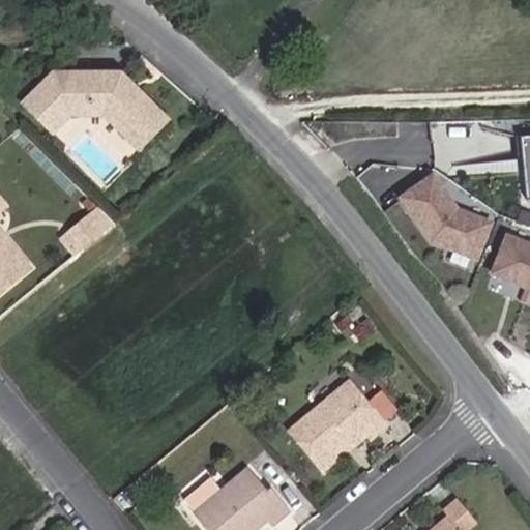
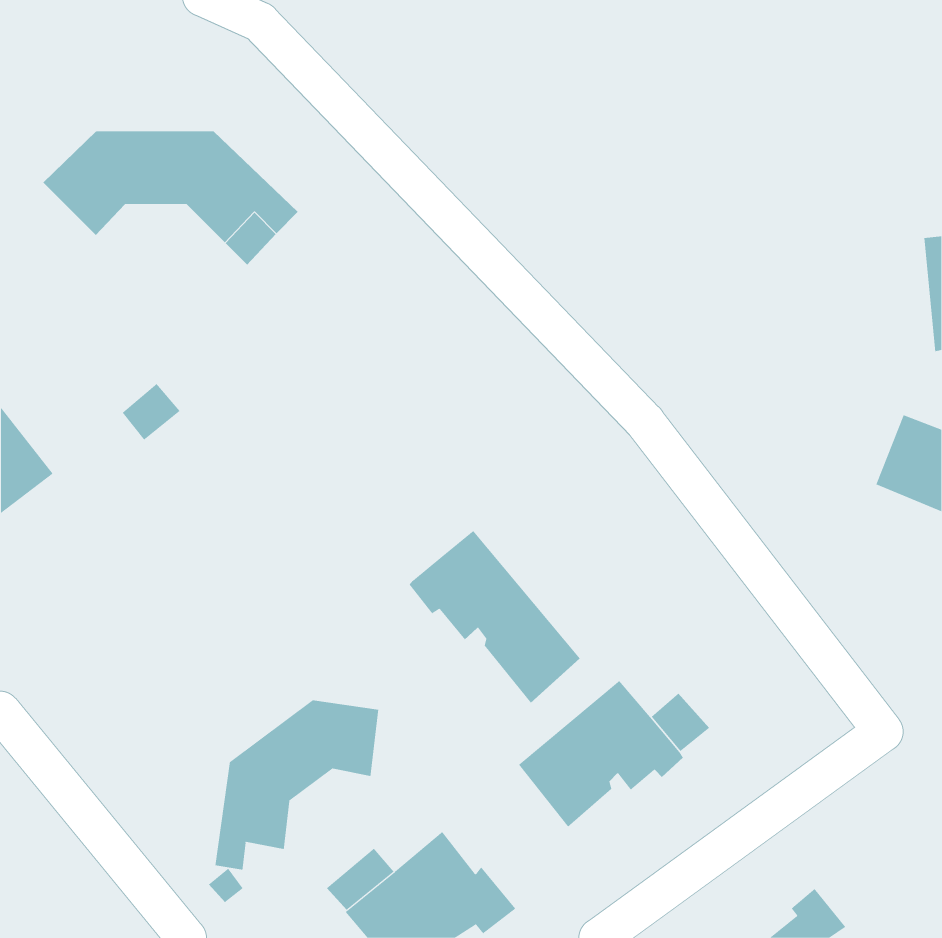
building: [401,175,488,256] -> none
building: none -> [409,530,581,703]
building: none -> [215,699,379,870]

